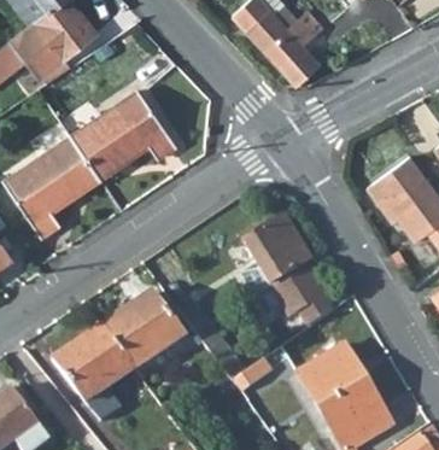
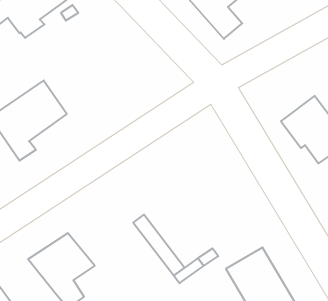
building: [70,89,176,179] -> none
building: [242,215,333,327] -> none
building: [100,294,182,368] -> none

